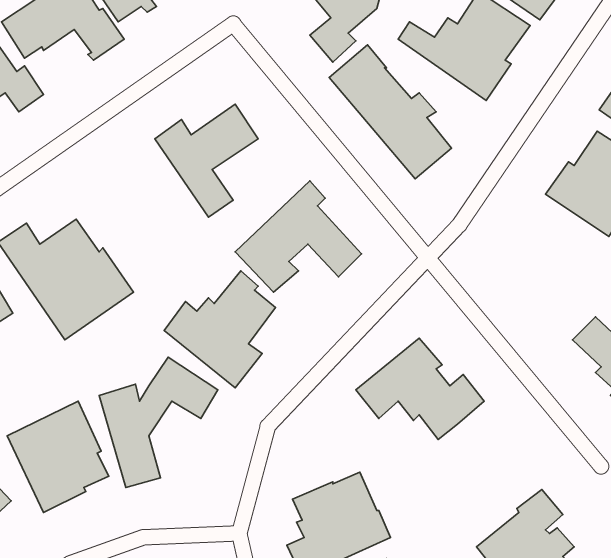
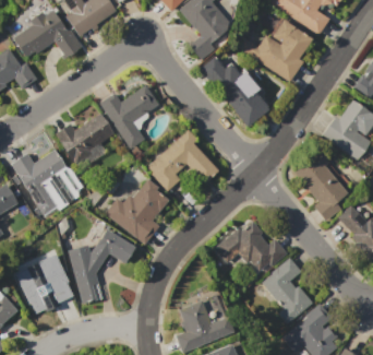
building: none -> [56,113,117,170]
building: none -> [296,152,349,223]
building: none -> [262,257,313,324]

